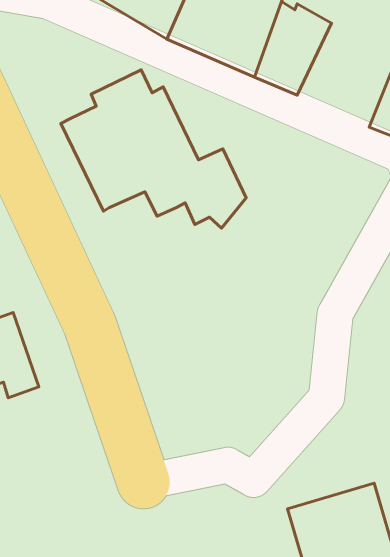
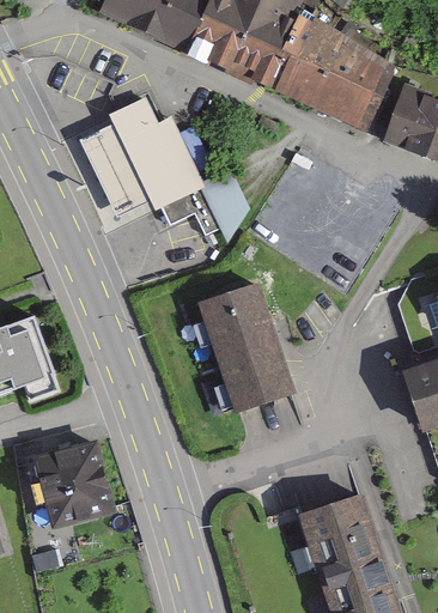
building: none -> [309,35,390,129]
building: none -> [201,279,309,412]
building: none -> [34,438,129,532]

